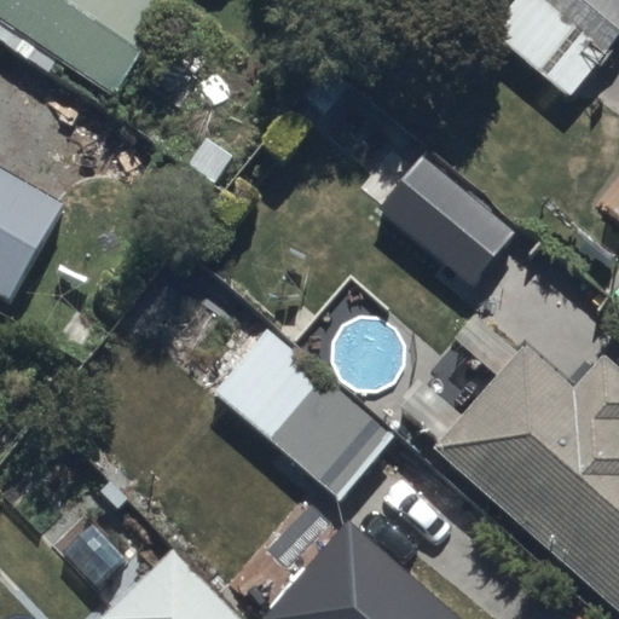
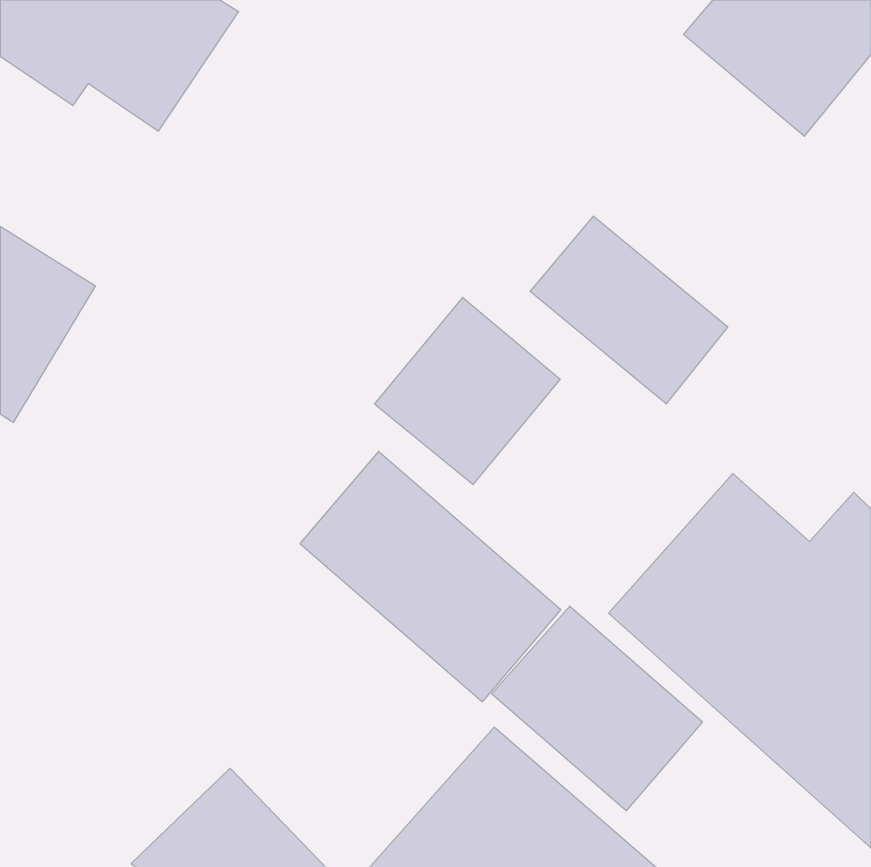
building: none -> [375,297,560,485]
building: none -> [492,606,702,811]

